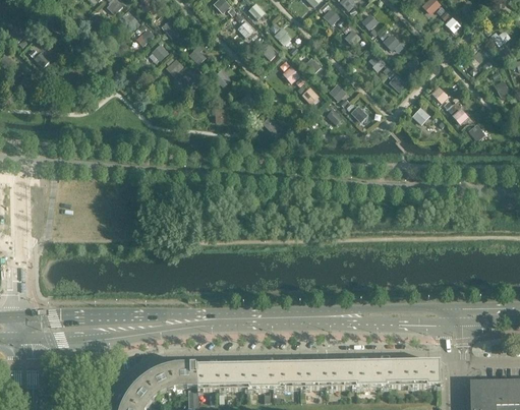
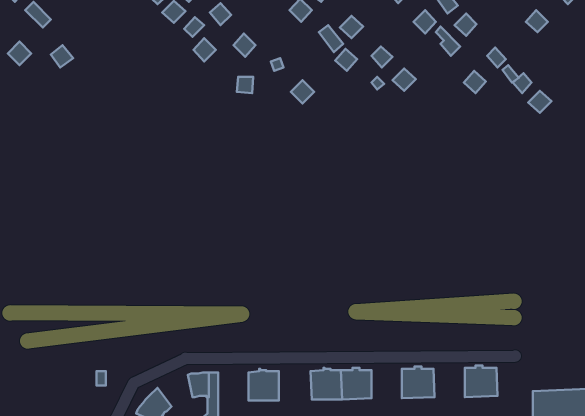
building: [383,361,410,388] -> none
building: [329,362,355,389] -> none
building: [248,363,277,391] -> none
building: [195,364,222,392] -> none
building: [142,368,173,396] -> none

